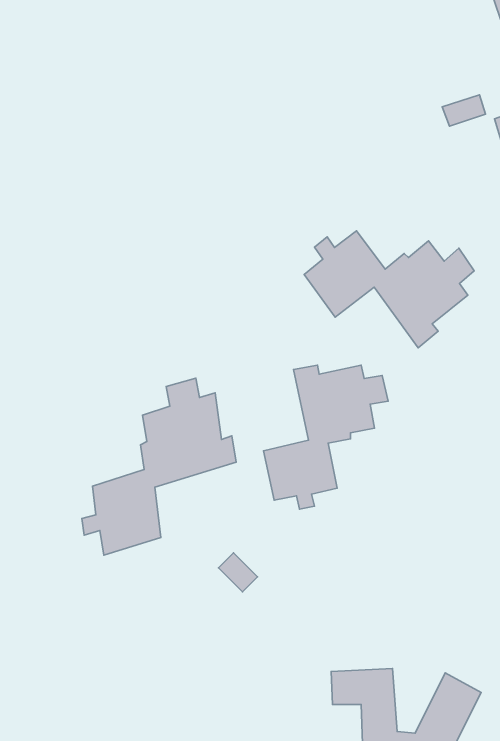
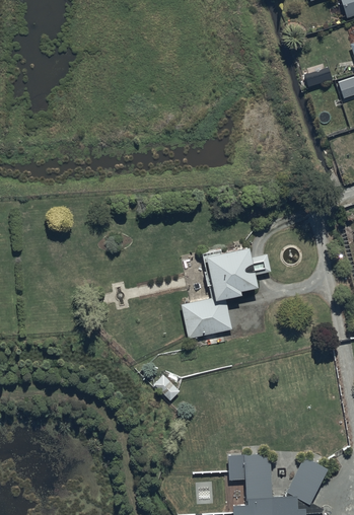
building: [304,231,474,348] -> none
building: [82,378,236,555] -> none

